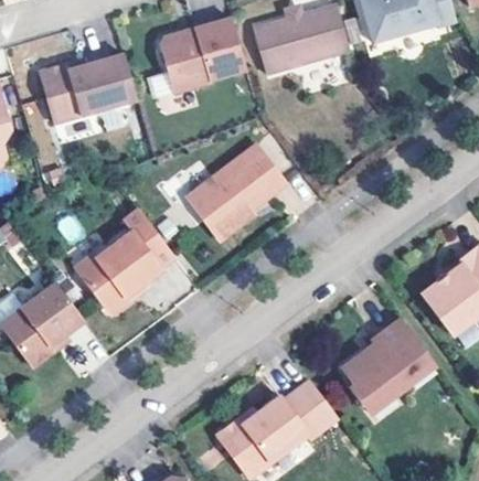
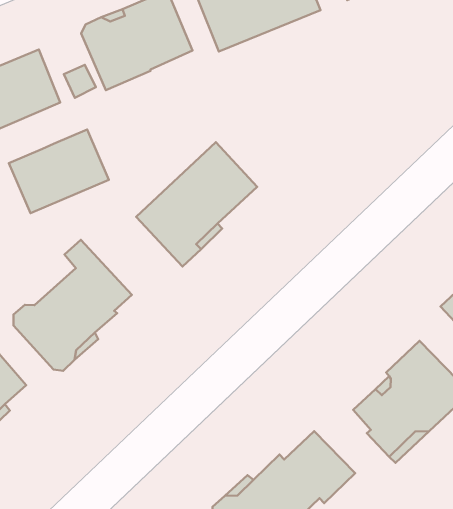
building: none -> [9,130,109,213]

